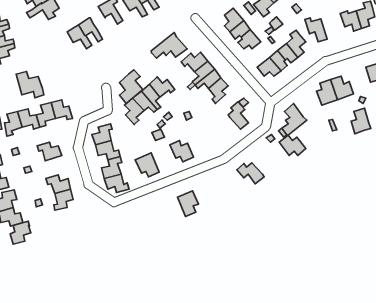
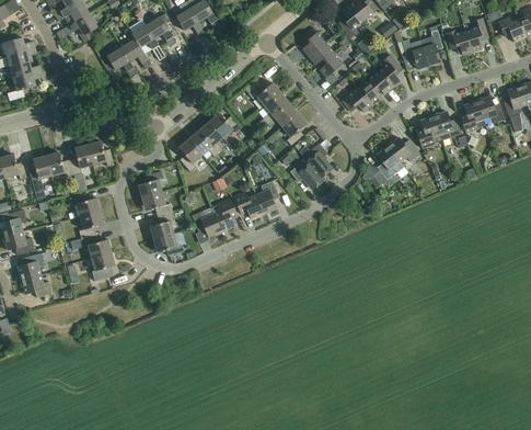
building: none -> [130,24,161,55]
building: none -> [420,30,442,65]
building: [151,33,187,58] -> none
building: [119,70,143,104] -> none
building: [16,71,44,98] -> none
building: [351,108,371,134] -> [460,100,484,132]
building: none -> [255,180,279,212]
building: [279,135,306,156] -> [386,136,419,161]
building: none -> [78,210,103,238]
building: [237,163,264,184] -> [289,162,323,189]
building: [177,191,199,217] -> [210,199,236,230]
building: [10,221,31,244] -> none

